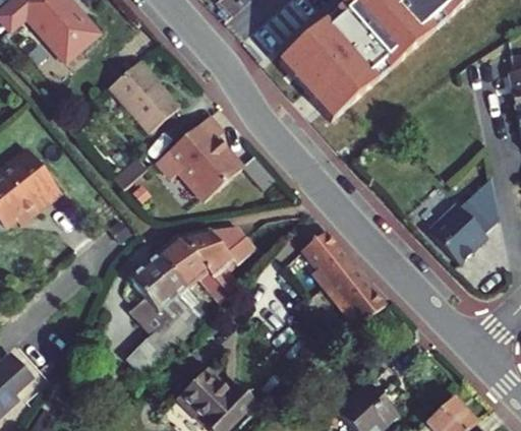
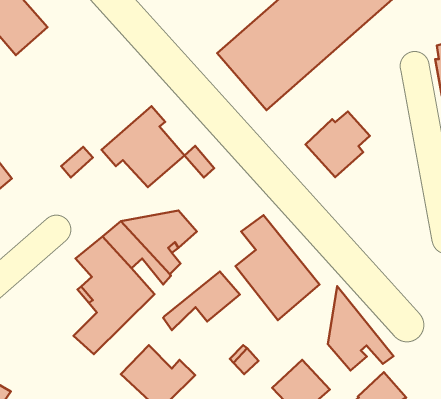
building: [109,60,179,132] -> none
building: [429,194,498,263] -> [305,112,370,177]
building: none -> [163,271,240,330]
building: none -> [328,286,393,371]

